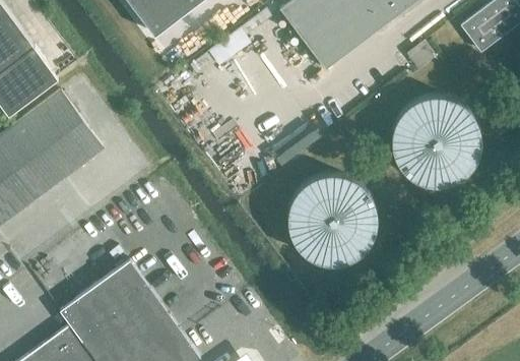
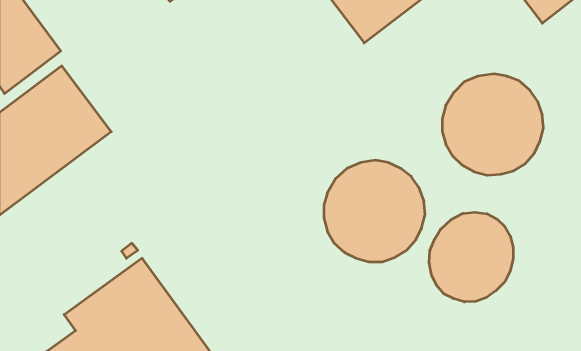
building: none -> [429,212,513,302]

